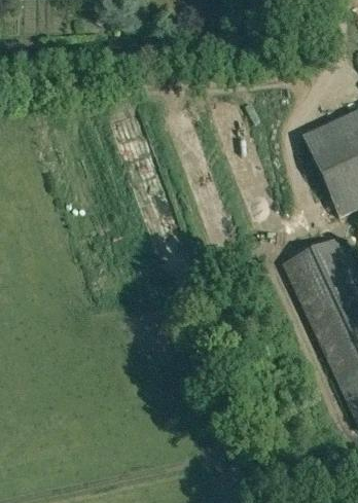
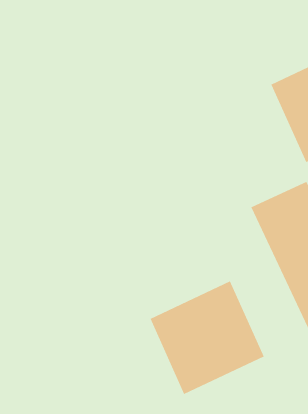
building: none -> [150,280,264,395]

